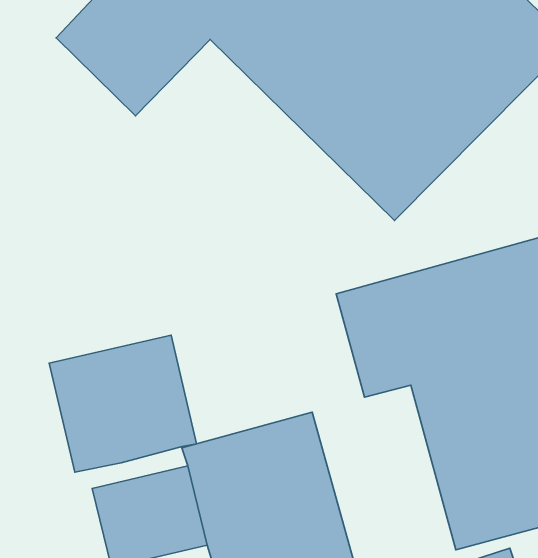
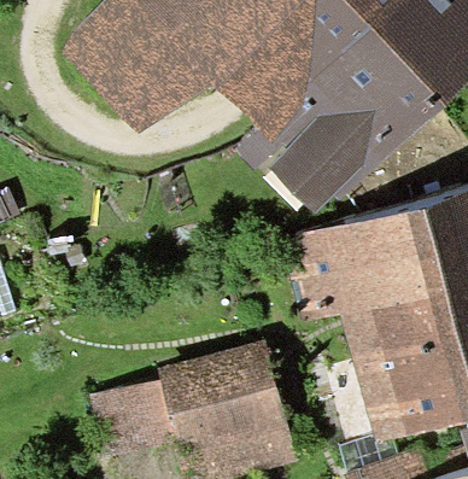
building: [49,335,197,472] -> none

